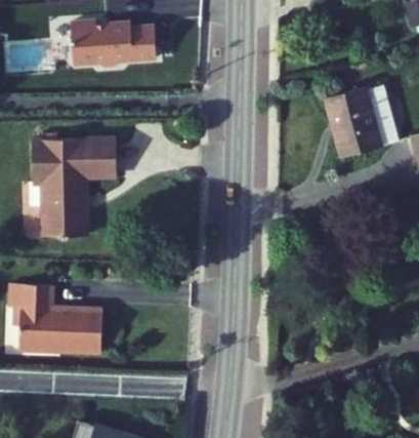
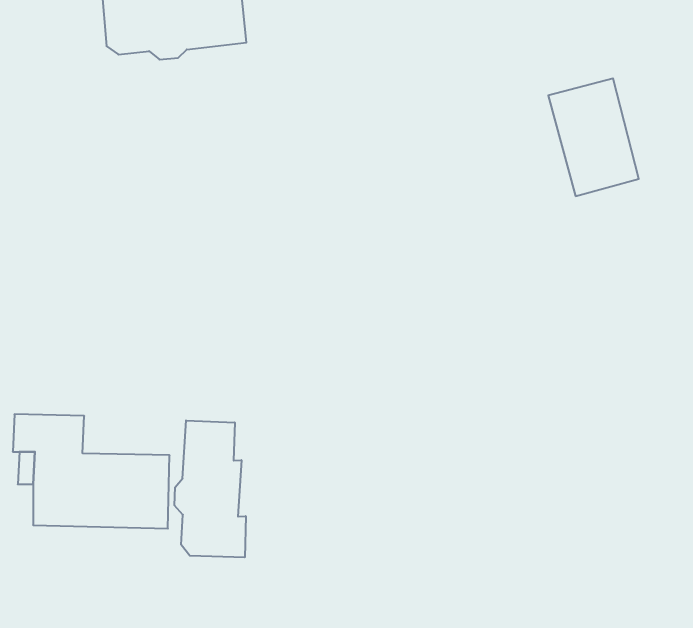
building: [29,133,116,233] -> none
building: none -> [175,420,246,557]

